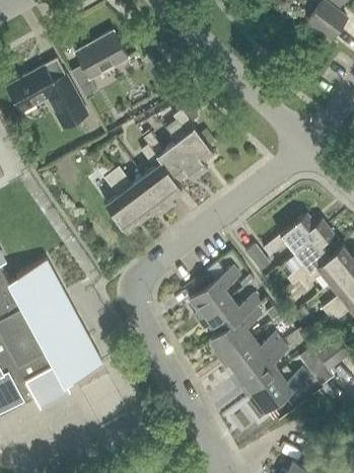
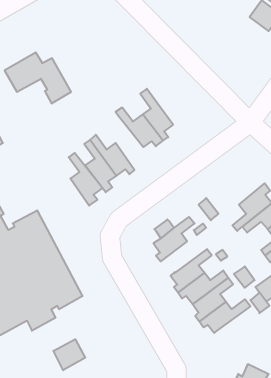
building: [72,32,129,98] -> none
building: [141,146,183,211] -> [69,153,102,206]
building: [264,215,327,257] -> none
building: [199,296,261,337] -> none
building: none -> [53,339,85,370]

